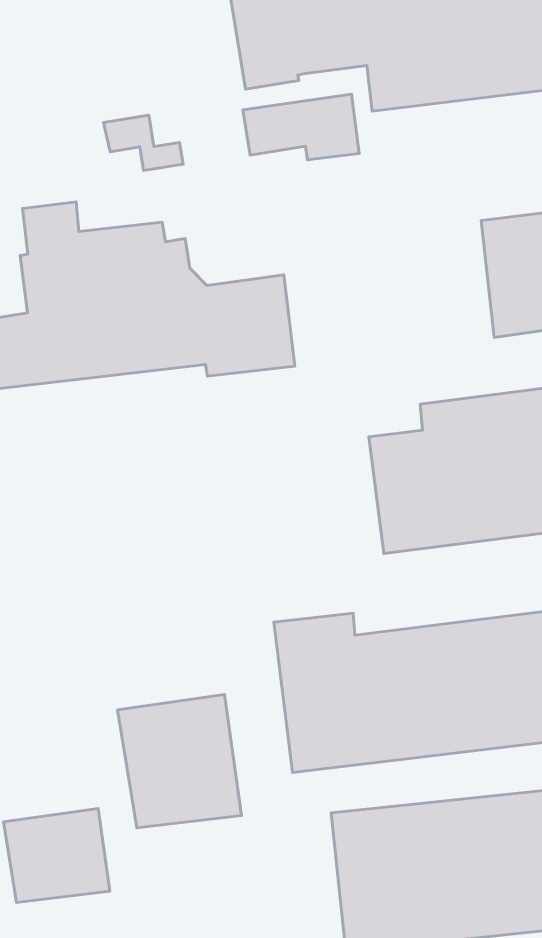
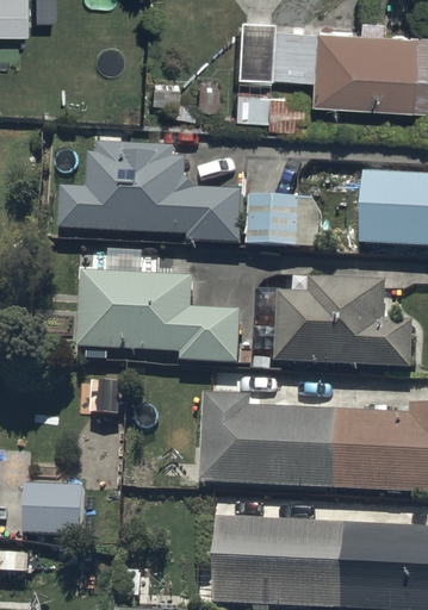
building: none -> [243,195,320,248]
building: none -> [77,273,237,363]
building: [118,694,241,828] -> none

